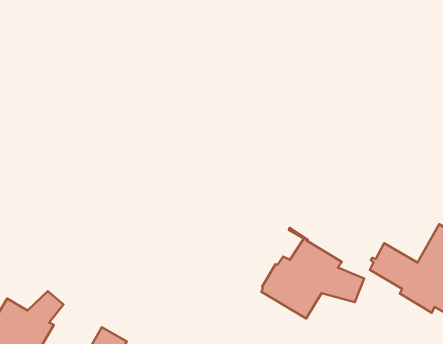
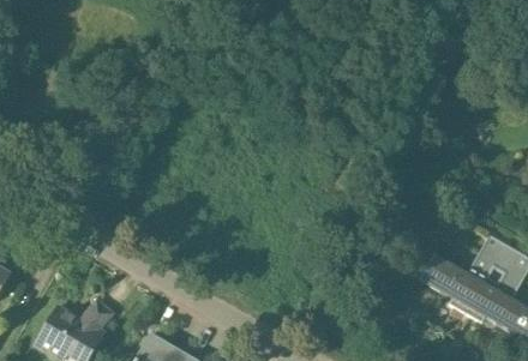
building: [262,228,364,318] -> none

